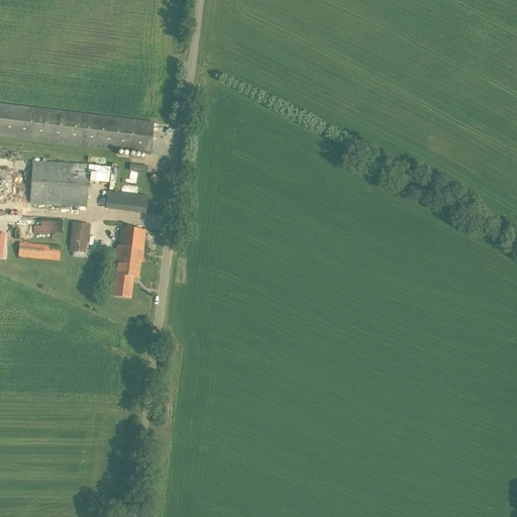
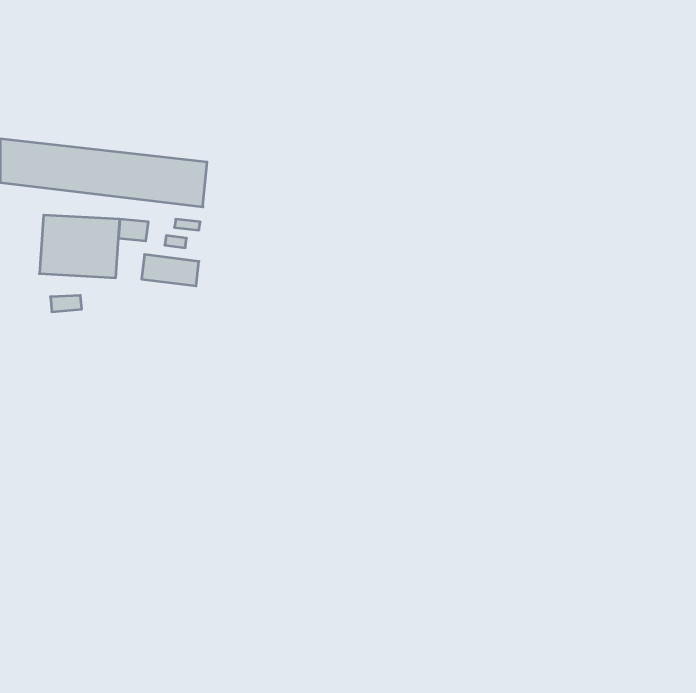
building: [69,221,89,250] -> none
building: [111,225,145,297] -> none
building: [17,240,61,260] -> none

